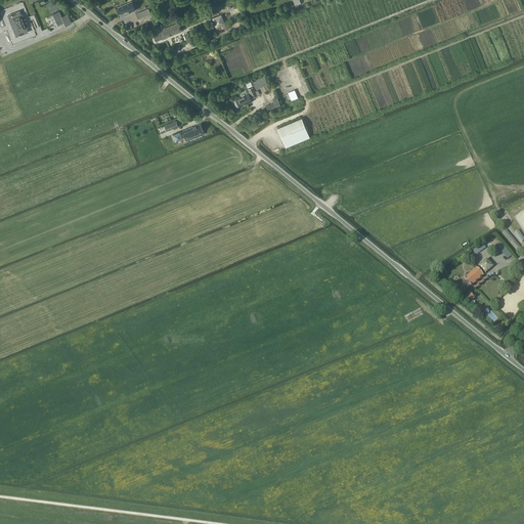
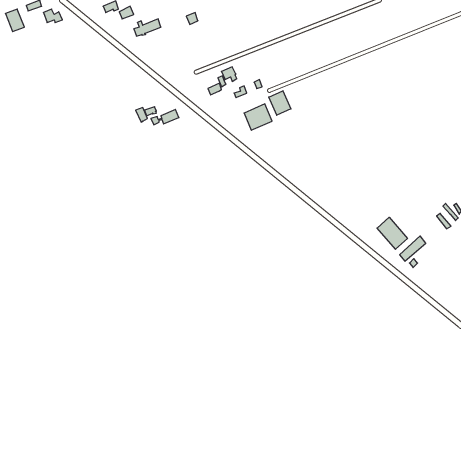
building: none -> [269,91,291,115]
building: none -> [377,217,407,249]

